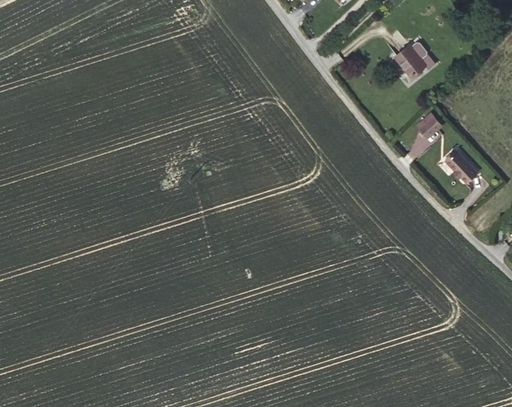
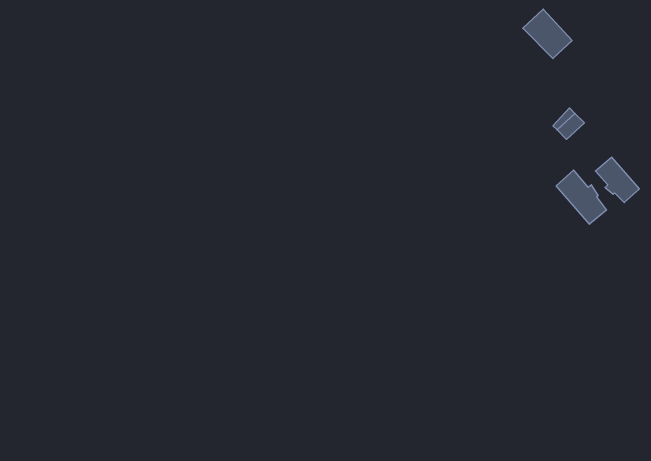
building: none -> [556,170,607,224]

